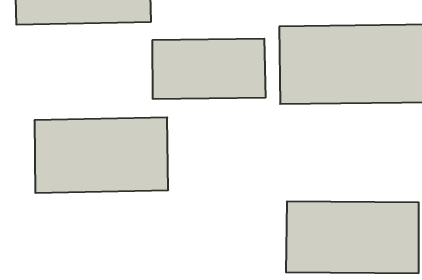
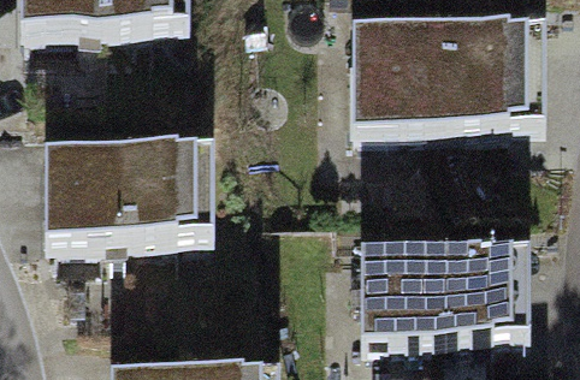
building: [153,39,265,99] -> none

